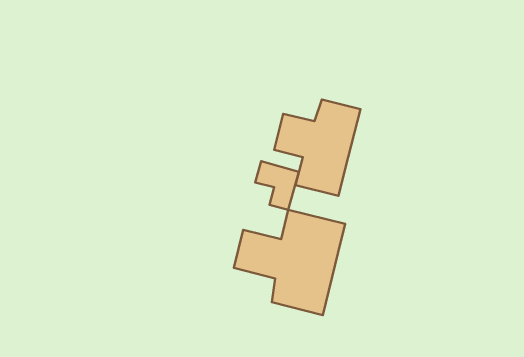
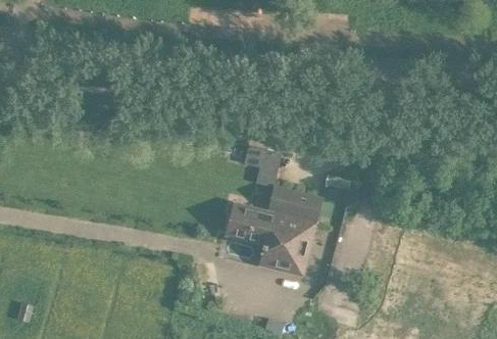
building: [274,100,360,196] -> none

